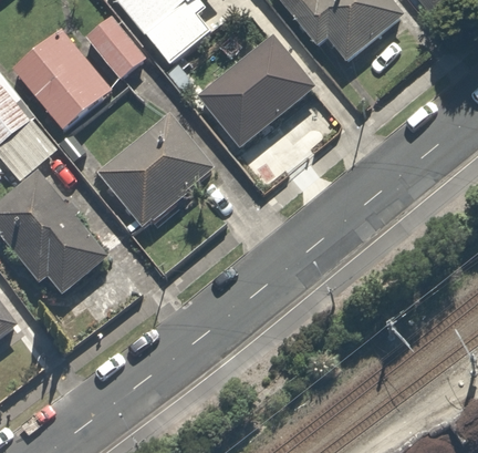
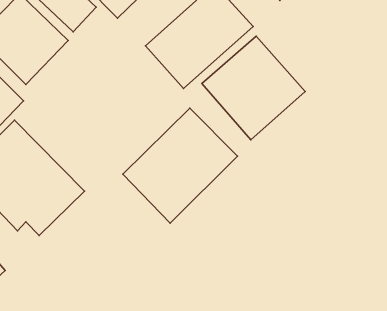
building: none -> [202,36,305,140]
building: [95,106,222,229] -> [123,108,237,223]

